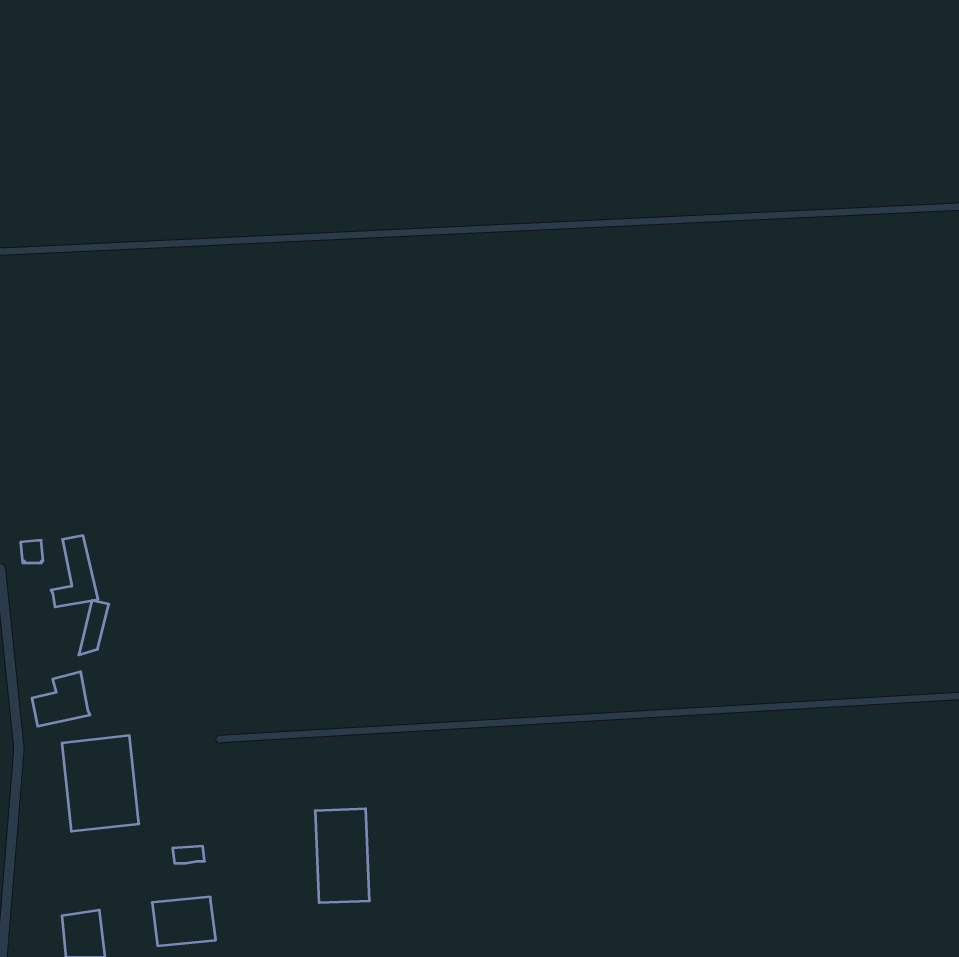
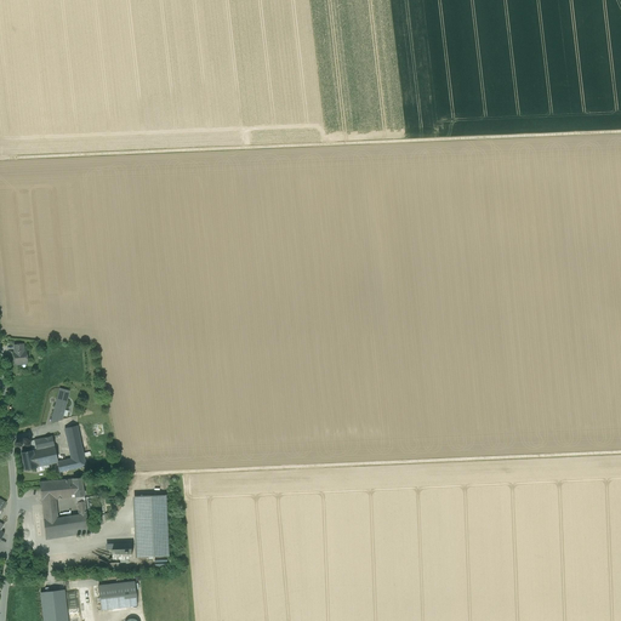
building: [51,536,98,607] -> [57,425,87,471]
building: [315,809,370,903] -> [133,495,169,556]

